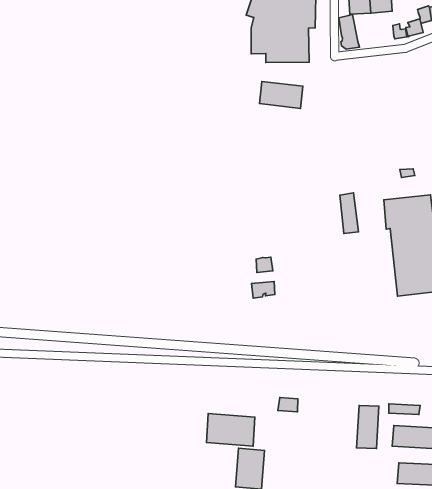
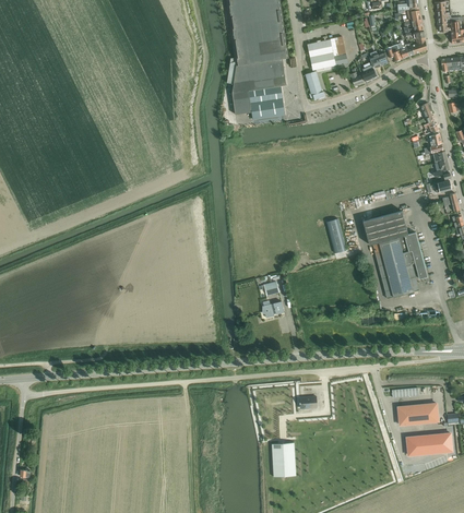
building: [260,81,303,108] -> none
building: [357,406,379,448] -> none
building: [207,414,255,446] -> none

